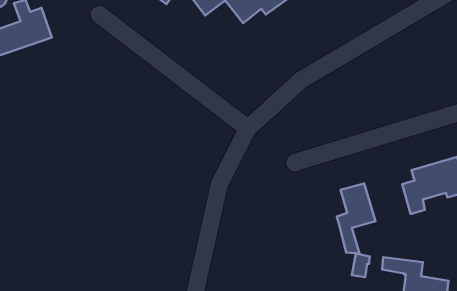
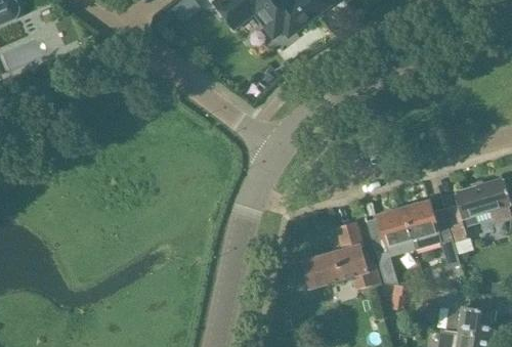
building: none -> [403,200,461,266]
building: none -> [302,222,380,288]

